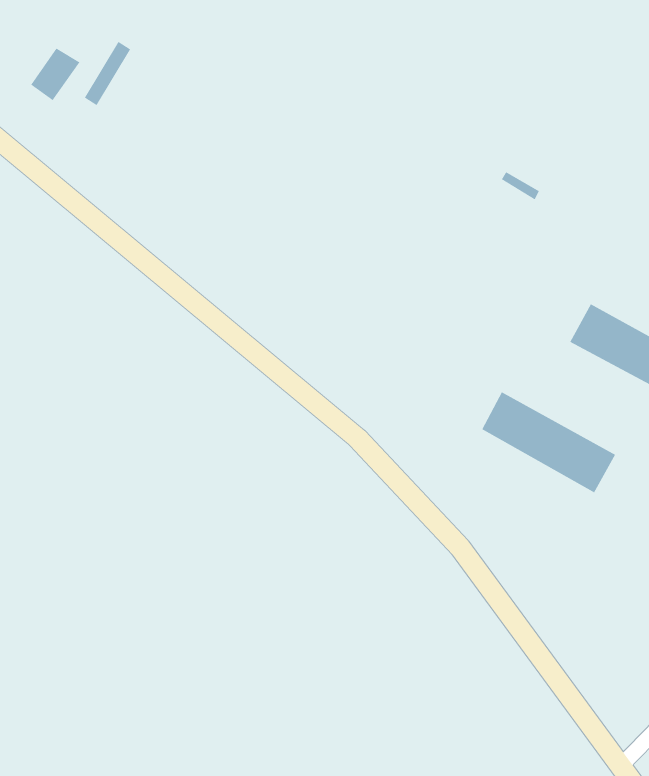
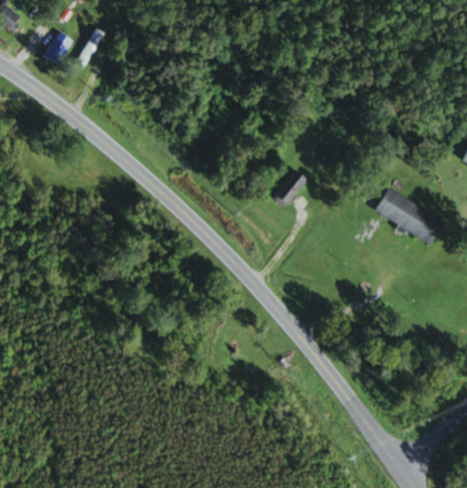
building: none -> [272,169,309,207]
building: [481,391,616,493] -> none

